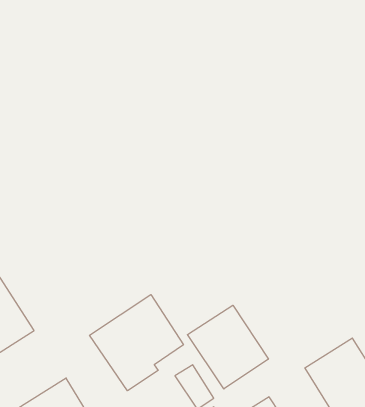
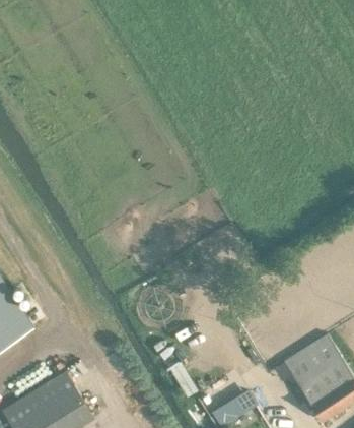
building: [90,295,183,391] -> none
building: [187,305,268,389] -> none

